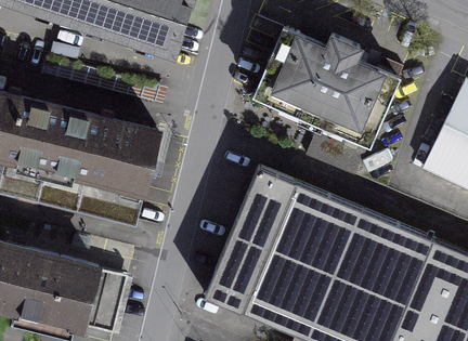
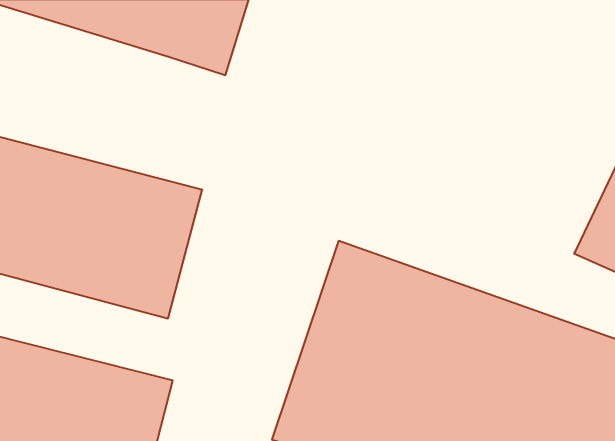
building: [255,24,402,145] -> none

